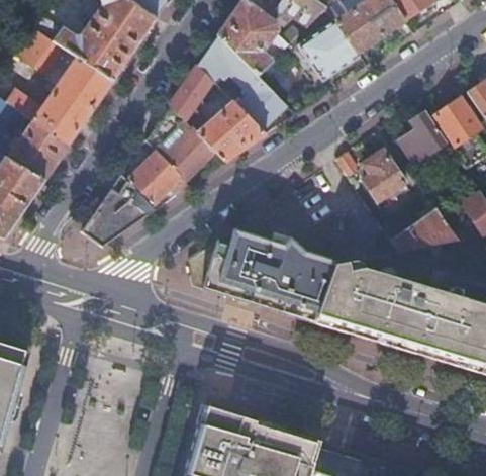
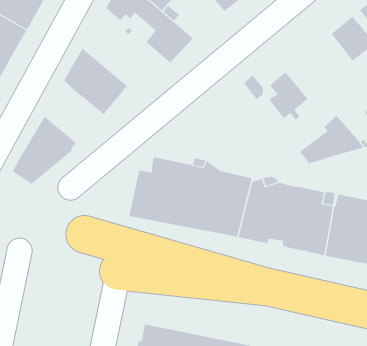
building: [169,65,265,162] -> none
building: [399,109,447,164] -> none
building: [127,152,190,204] -> none

